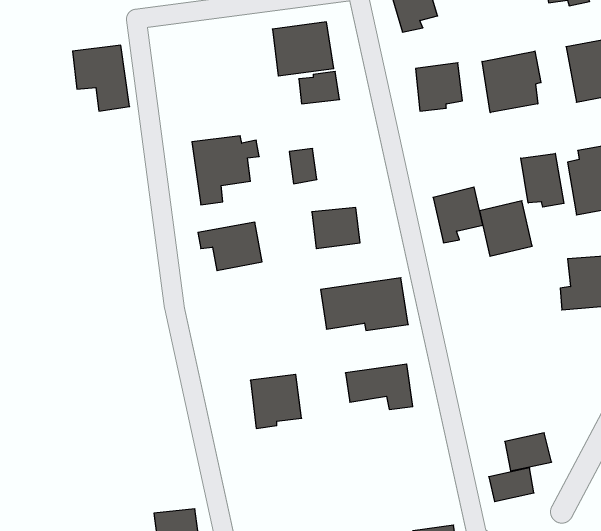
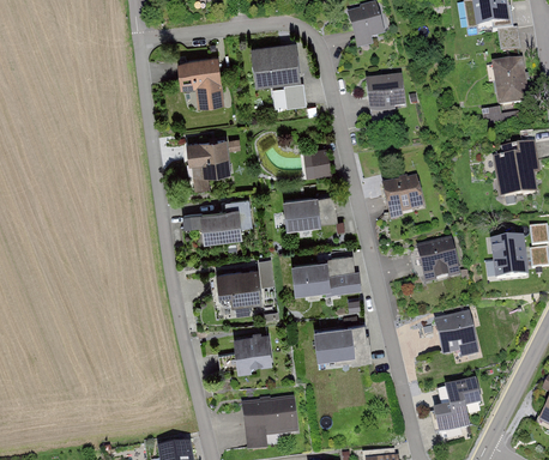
building: [73,45,130,111] -> [177,54,224,108]
building: [482,51,541,113] -> none
building: [289,149,317,184] -> [309,147,332,176]
building: [521,153,564,207] -> none
building: [480,201,532,256] -> [416,237,459,283]
building: none -> [216,266,263,319]
building: none -> [430,311,475,355]
building: none -> [241,395,298,452]

